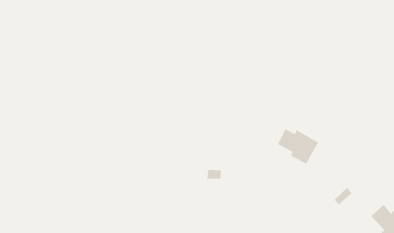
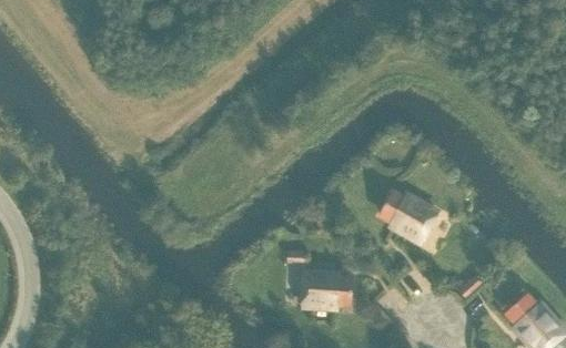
building: none -> [301,270,351,306]

